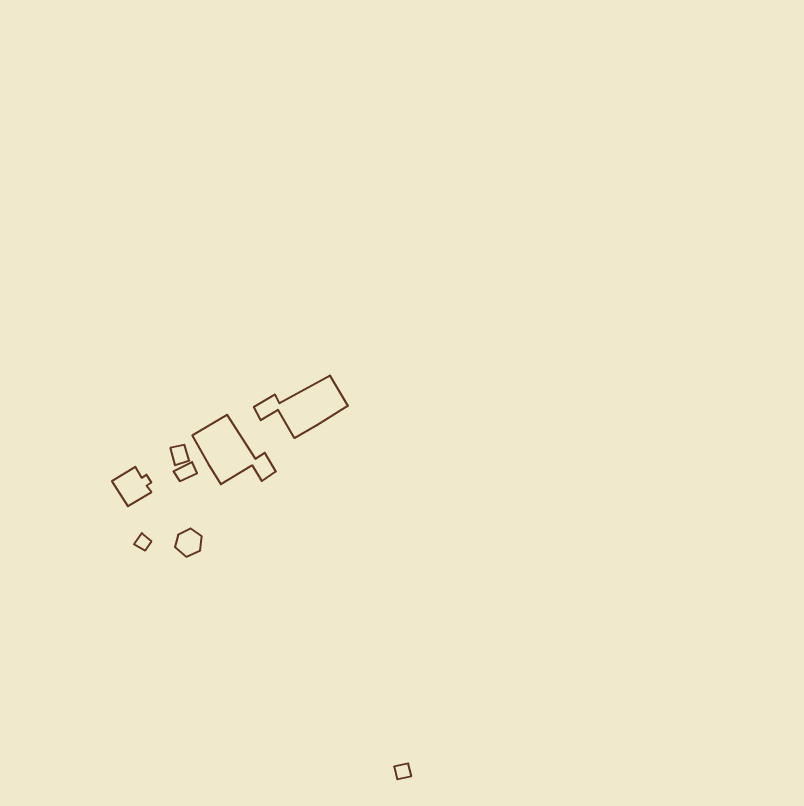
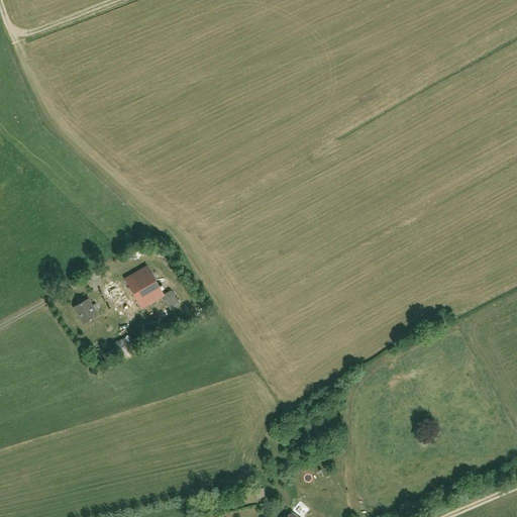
building: [254,375,348,438] -> none

